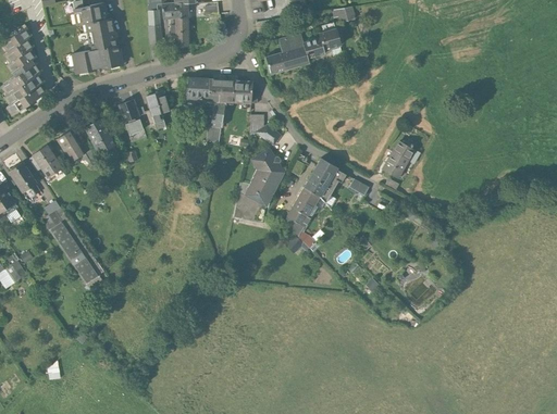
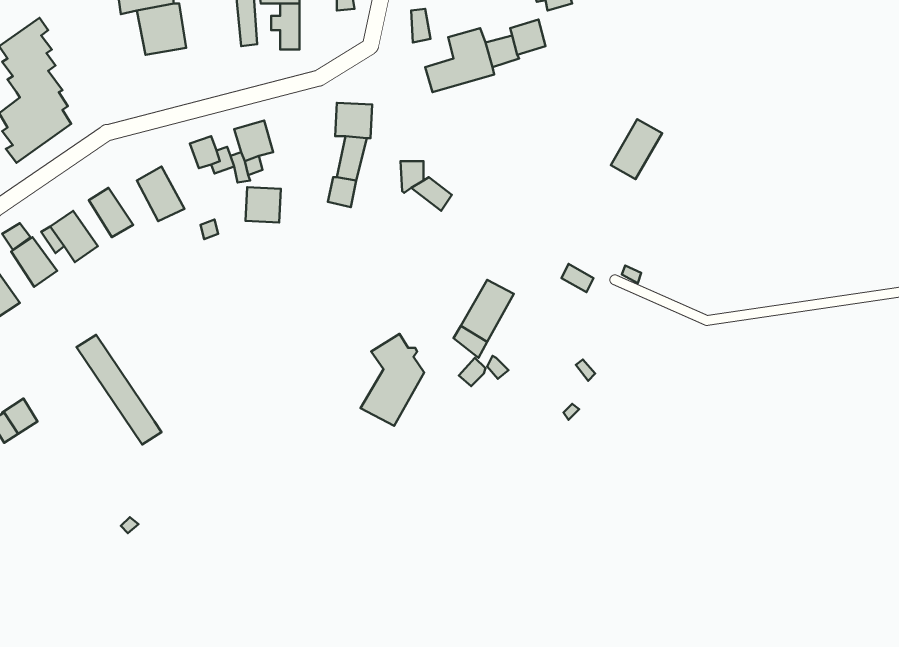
building: [74,46,124,74] -> none
building: [188,78,210,100] -> [245,187,281,222]
building: [231,80,253,103] -> none
building: [382,141,413,178] -> [611,119,662,179]
building: [246,149,285,205] -> [360,334,424,426]
building: [302,158,335,197] -> none
building: [42,201,103,275] -> none

